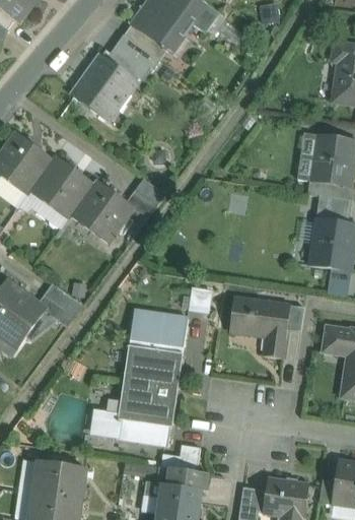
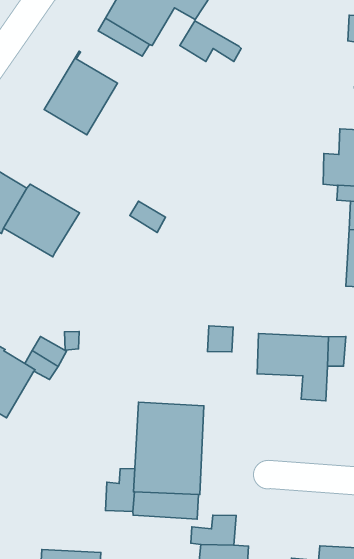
building: [109,35,159,71] -> [180,21,241,62]
building: [70,180,134,243] -> none
building: [128,311,187,353] -> none

